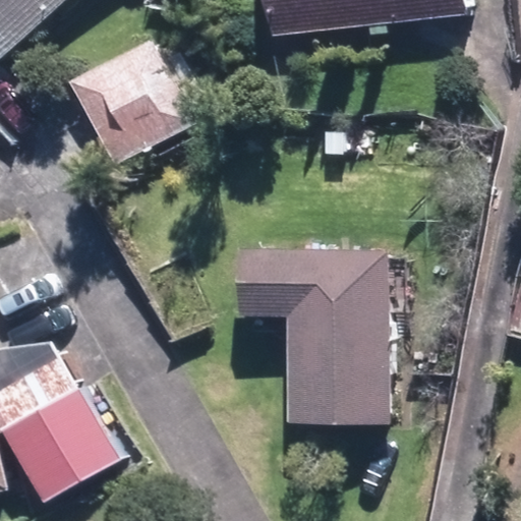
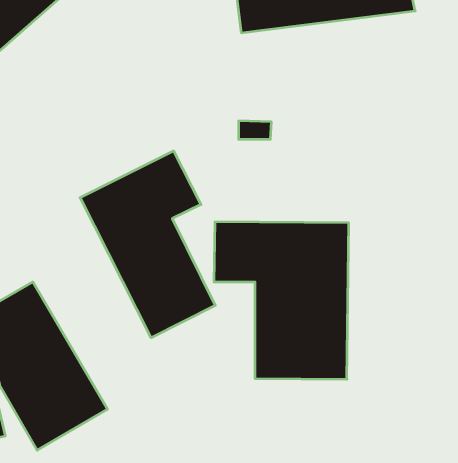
building: [68,40,207,164] -> none
building: none -> [80,151,215,338]

